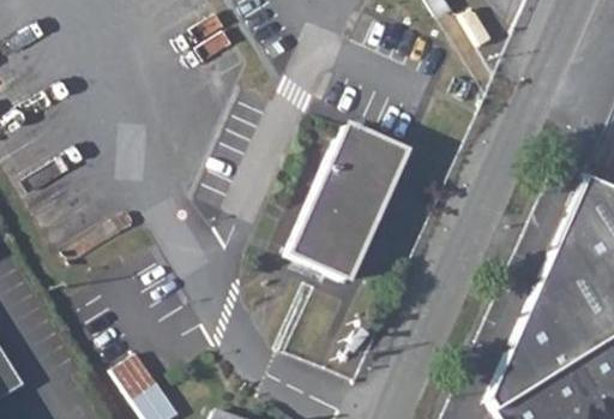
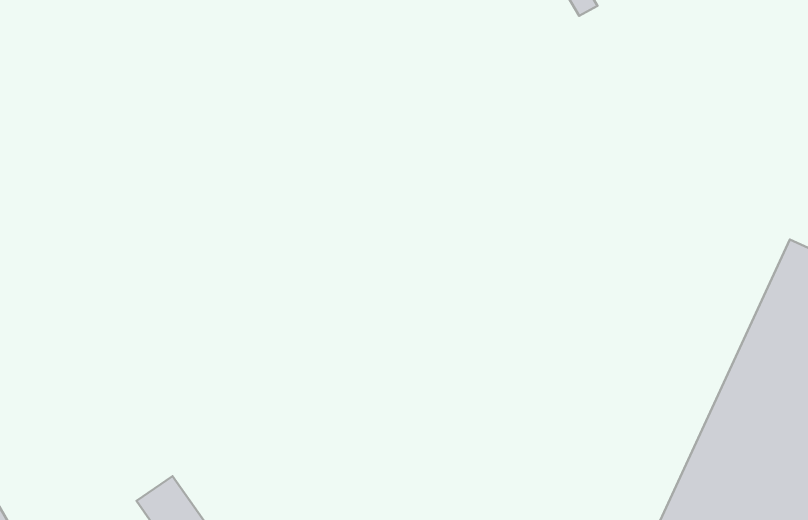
building: [289,130,401,281] -> none

